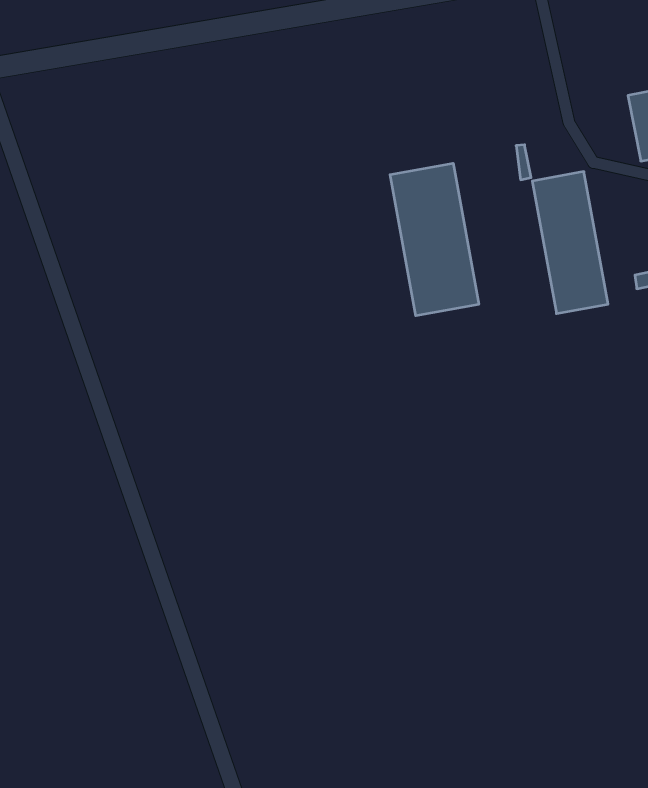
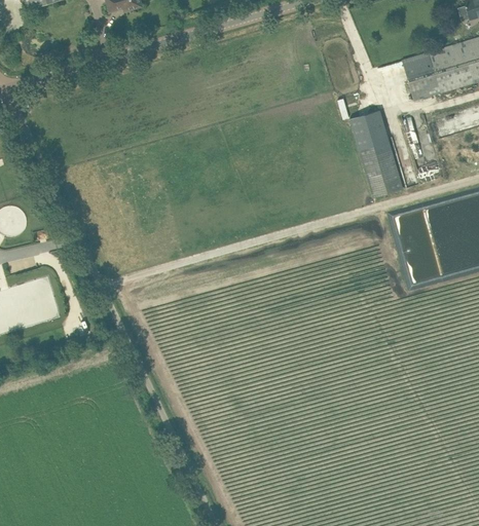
building: [390,163,479,316] -> none

